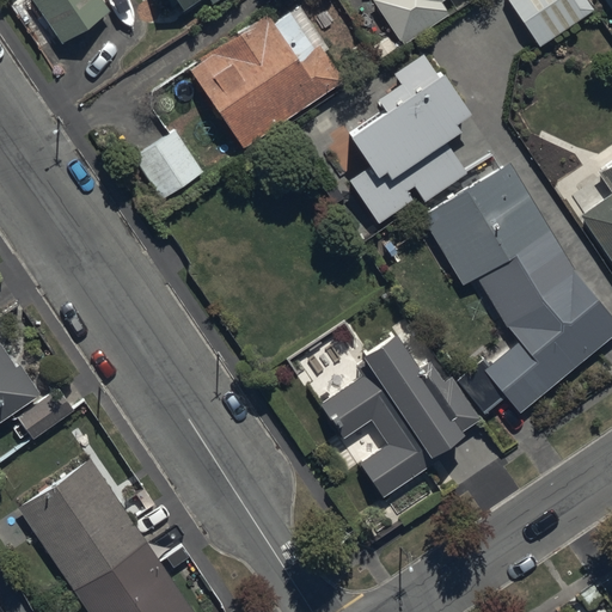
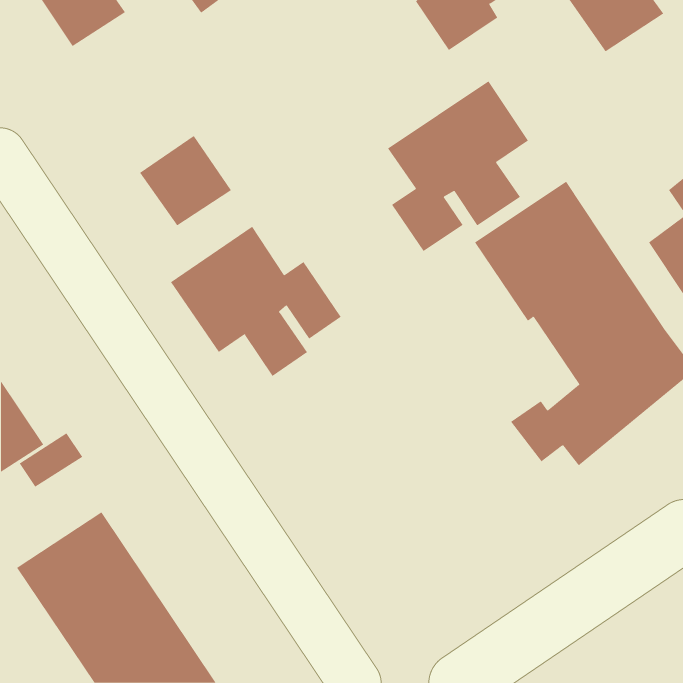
building: [185,13,345,151] -> none
building: none -> [170,226,341,377]
building: [320,336,482,501] -> none

